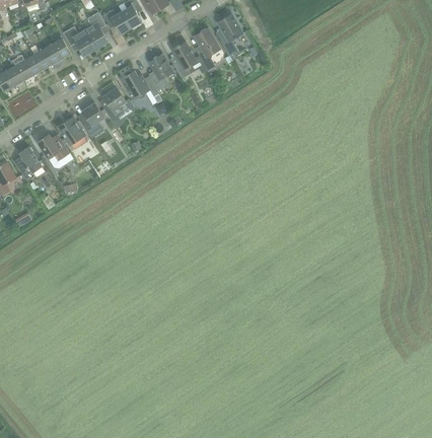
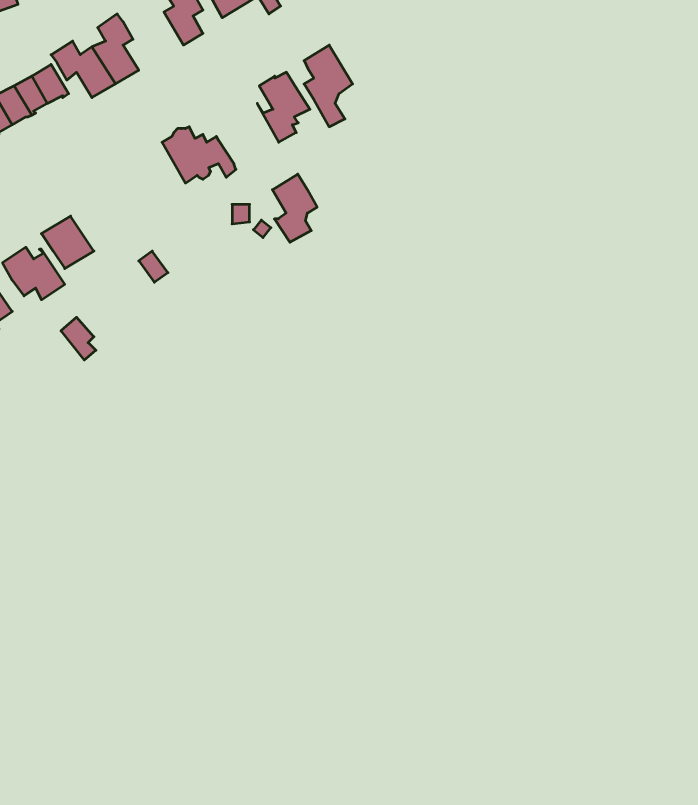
building: [101,9,131,34] -> none
building: [215,14,241,56] -> none
building: [148,55,171,90] -> [272,174,317,242]
building: [102,88,125,123] -> none
building: [76,102,103,139] -> none

